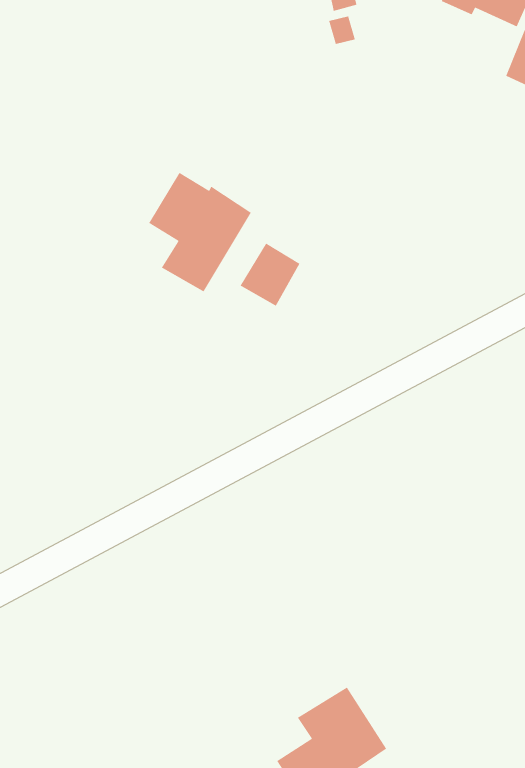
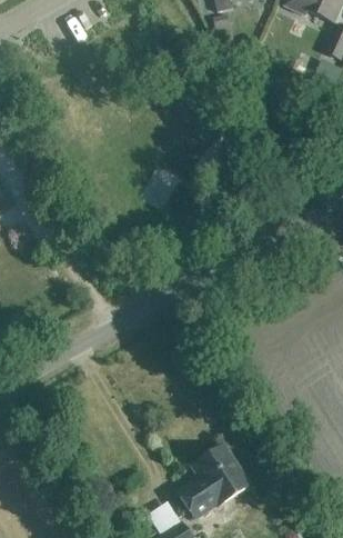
building: [148,172,252,292] -> none

